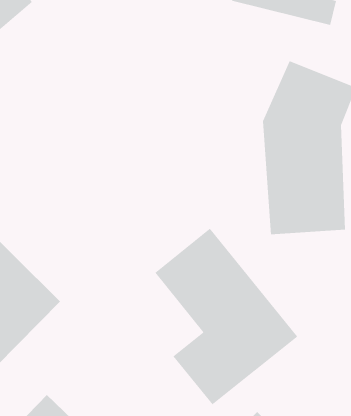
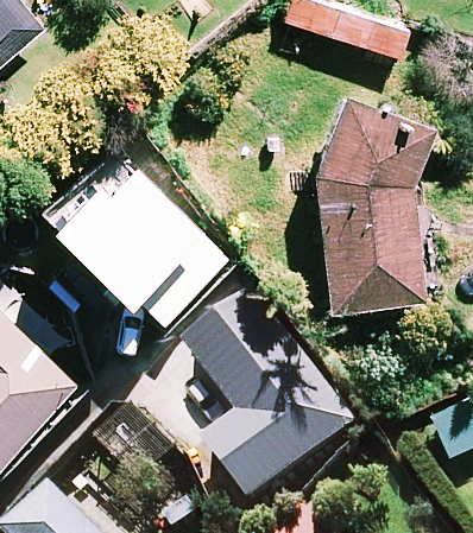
building: none -> [40,145,222,323]

